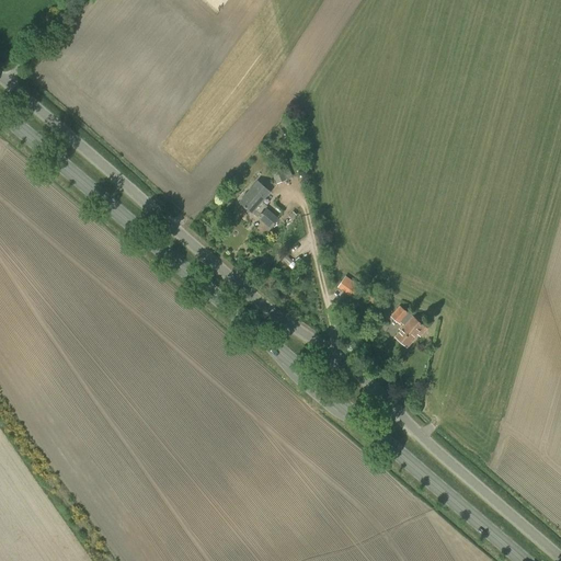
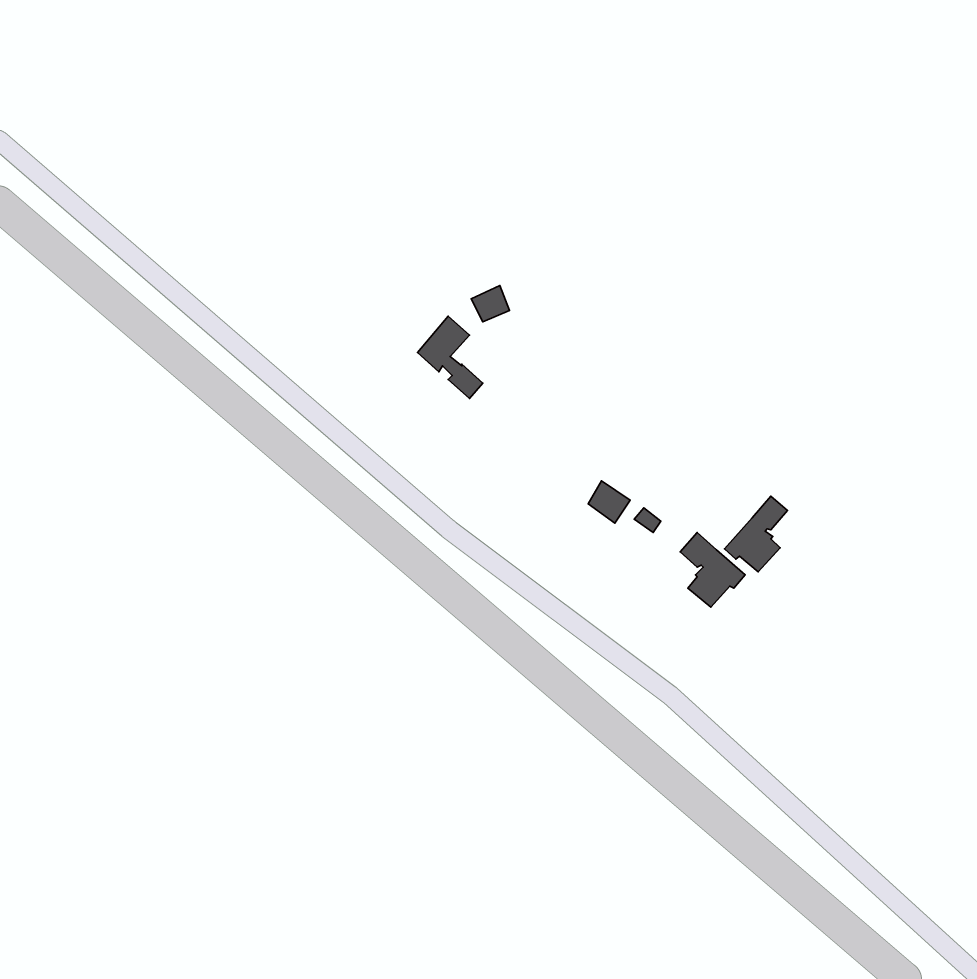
building: none -> [725,496,788,572]

